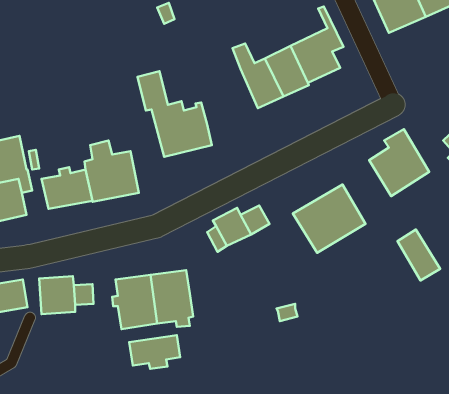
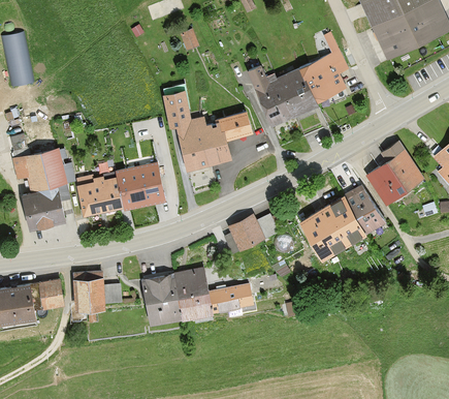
building: none -> [220,114,251,140]
building: [397,229,440,280] -> [346,183,384,228]
building: [129,335,180,369] -> [210,284,255,314]

